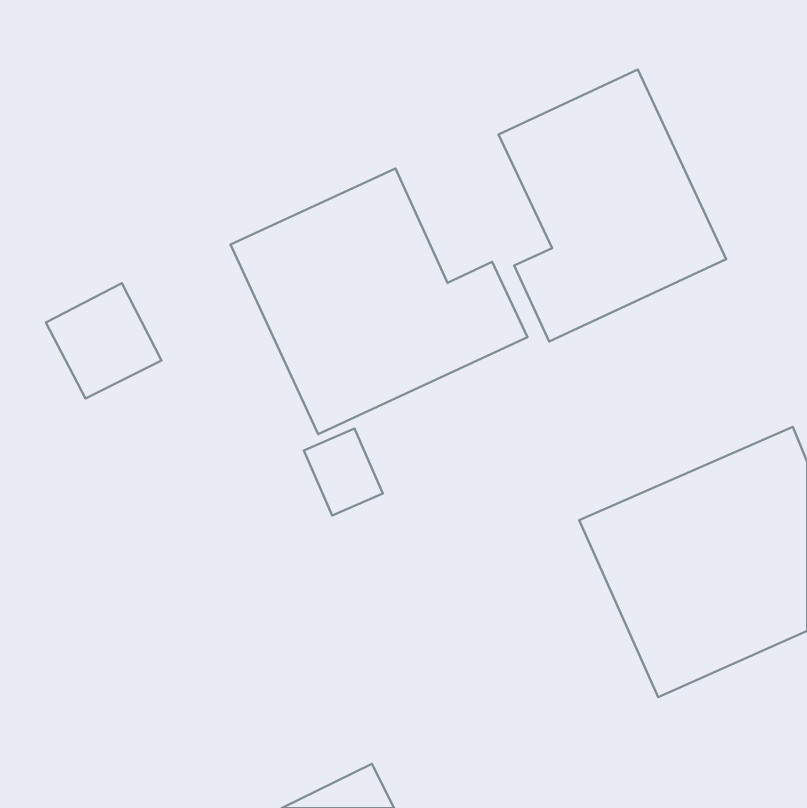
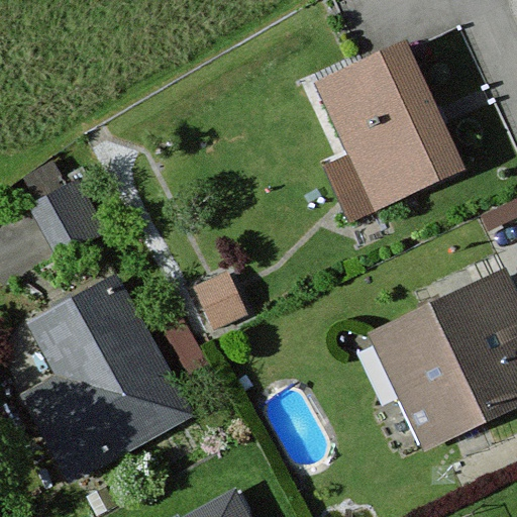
building: [231,168,528,434] -> none
building: none -> [22,280,186,477]

